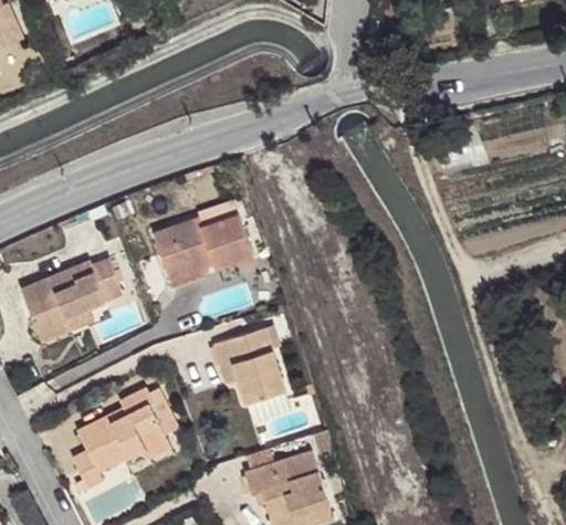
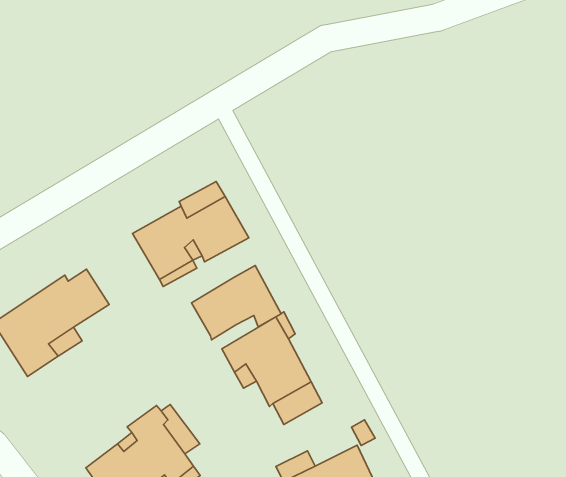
building: none -> [192,266,281,340]

